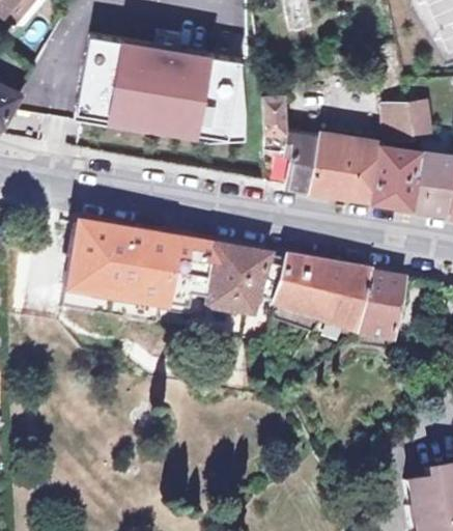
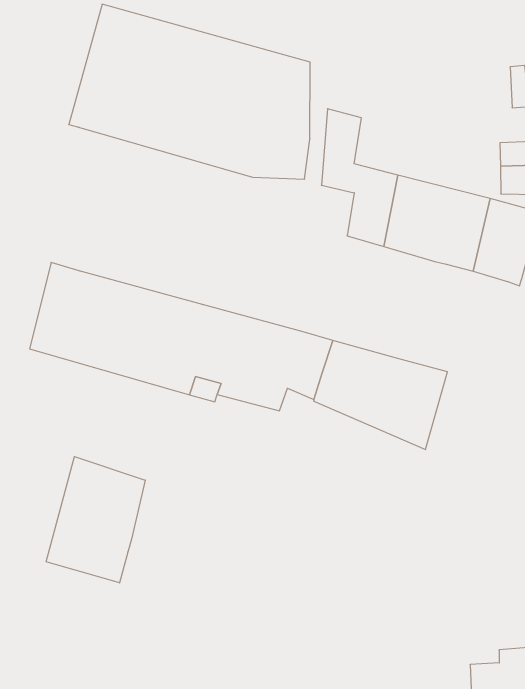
building: [356,273,404,338] -> none
building: none -> [46,457,145,583]

